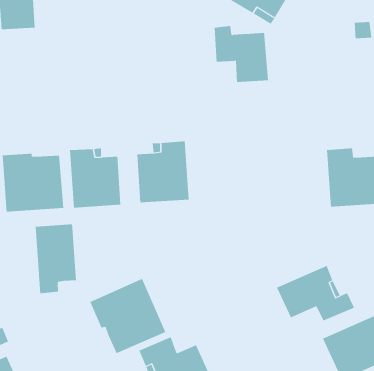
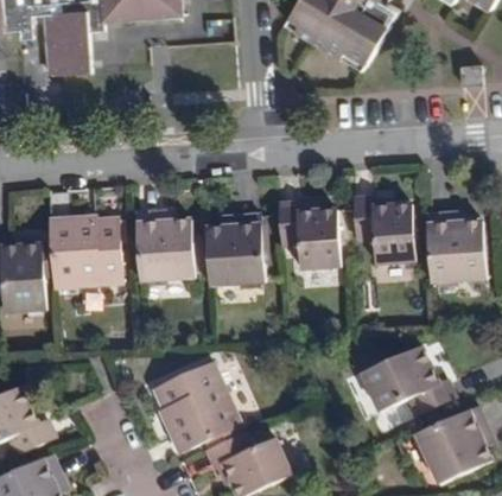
building: [214,25,269,82] -> [277,202,341,268]
building: none -> [355,197,418,262]
building: [35,224,76,294] -> none

